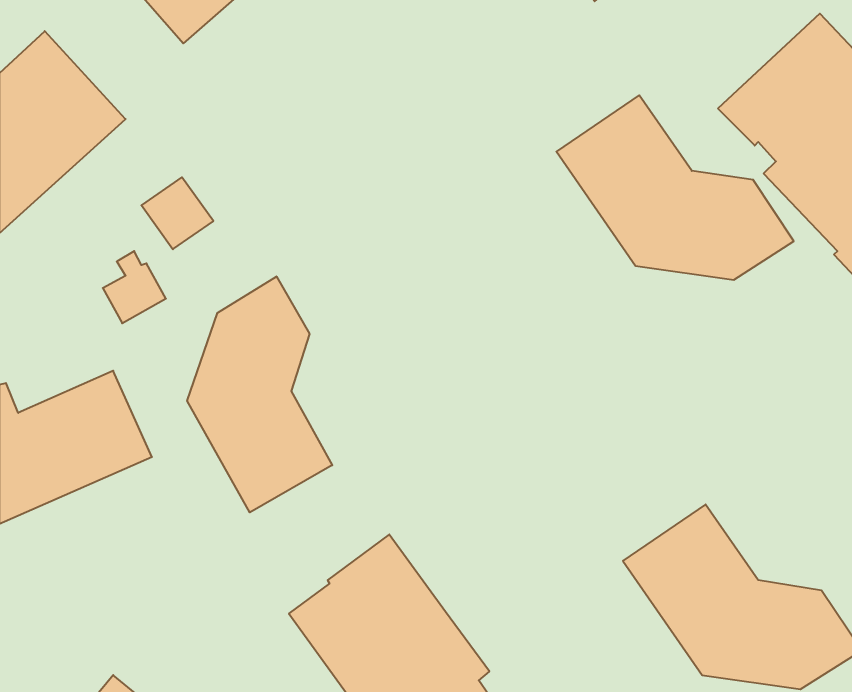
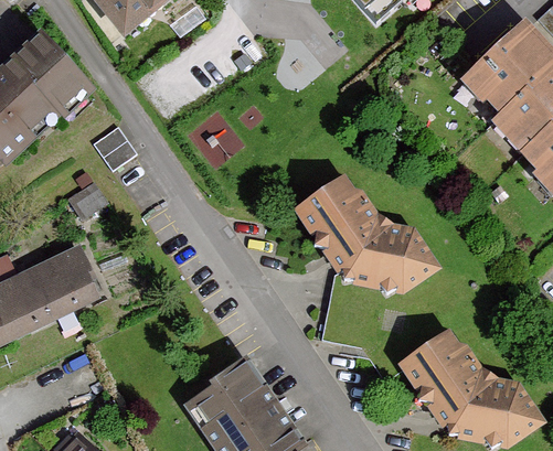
building: [556,95,794,280] -> [291,174,440,290]
building: [187,276,332,512] -> none

